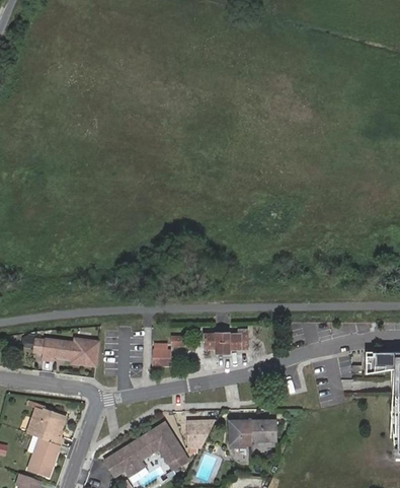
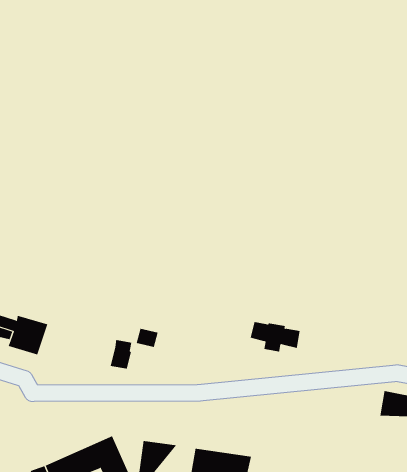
building: [204,333,242,354] -> [250,322,300,352]

